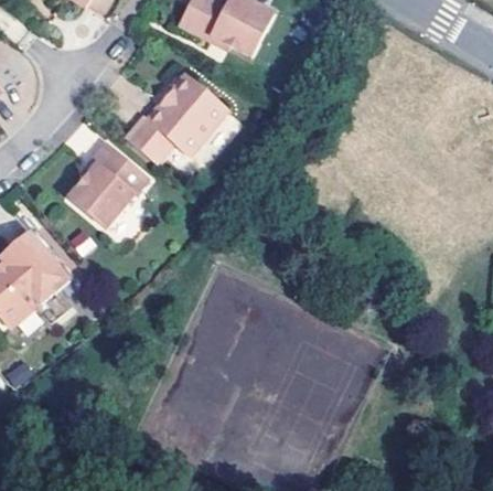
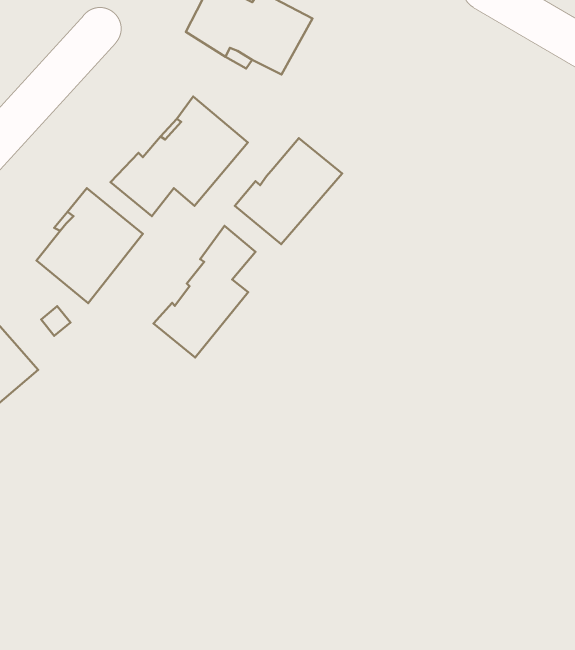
building: none -> [235,138,342,244]
building: none -> [153,226,256,357]

